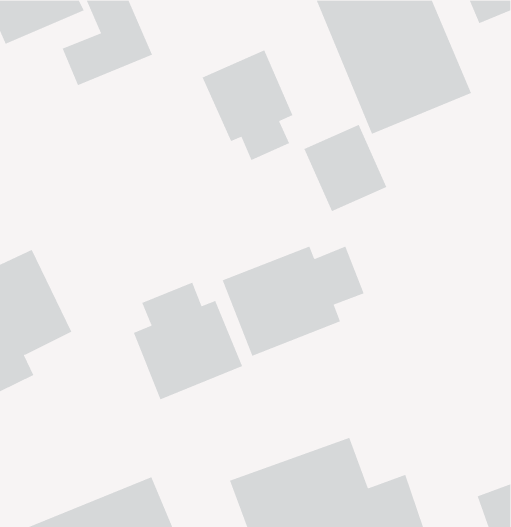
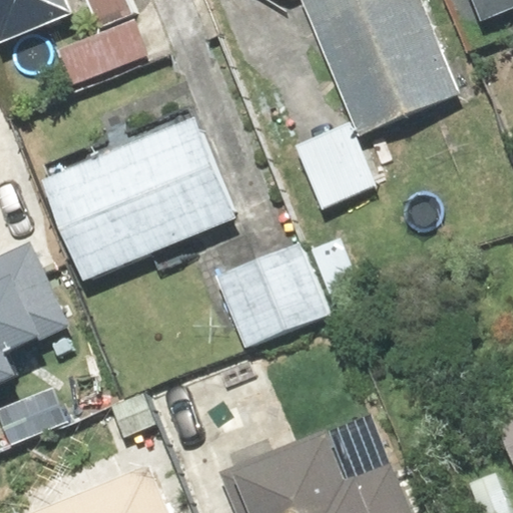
building: [202,49,293,161] -> none
building: none -> [46,116,236,281]
building: [133,282,243,400] -> none

